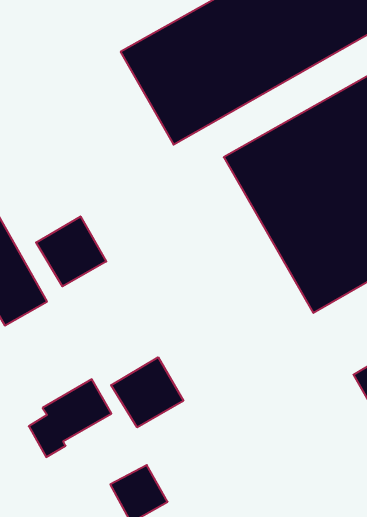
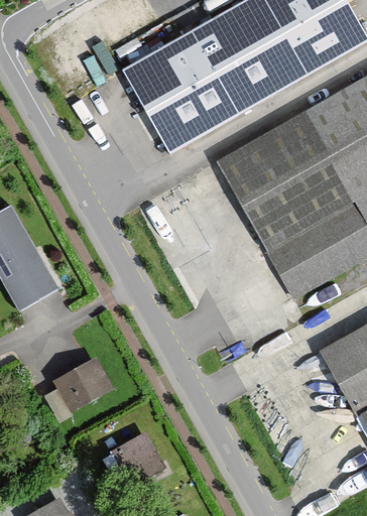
building: [36,216,106,286] -> none
building: [111,357,183,427] -> none

